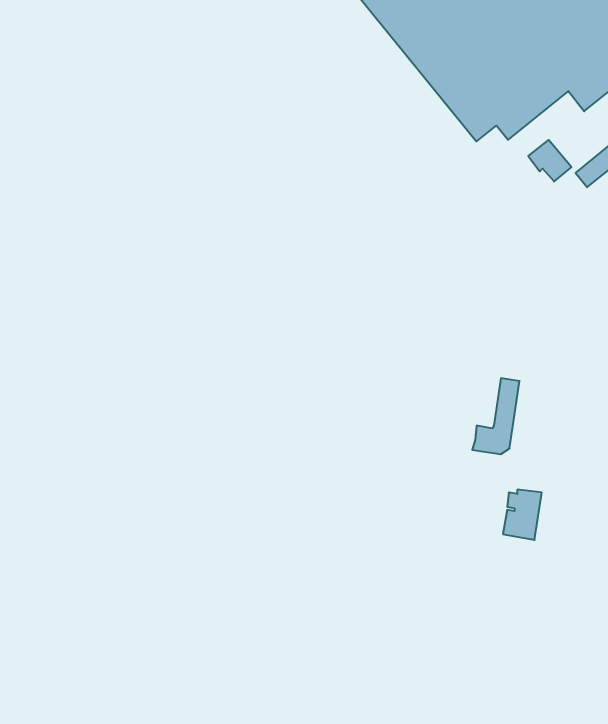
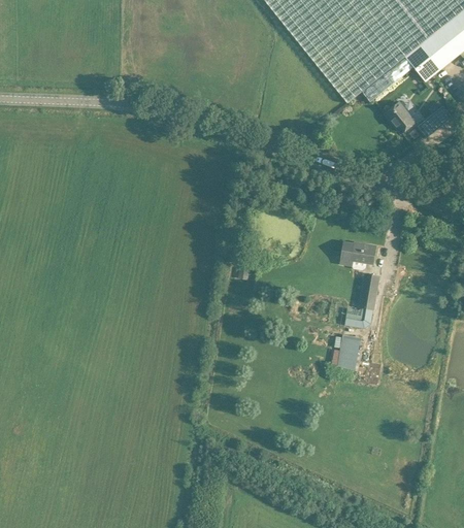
building: none -> [339,239,375,269]
building: [503,490,542,540] -> [332,333,360,369]

